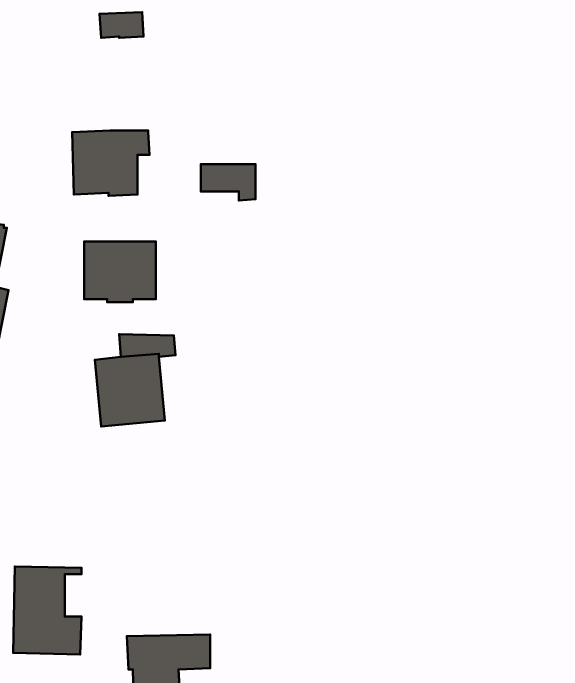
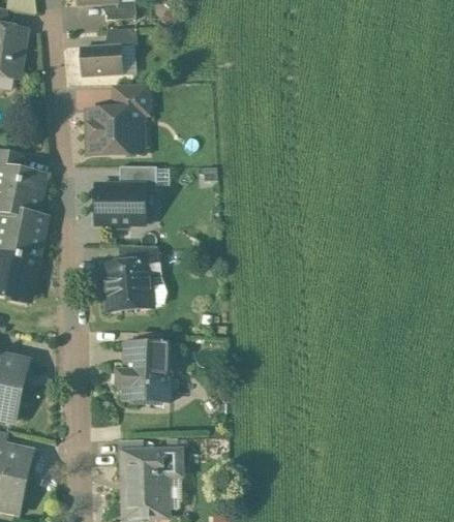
building: none -> [81,44,122,75]
building: none -> [114,84,149,110]
building: [201,164,255,201] -> [119,165,156,190]
building: [13,566,82,655] -> [125,342,172,402]

